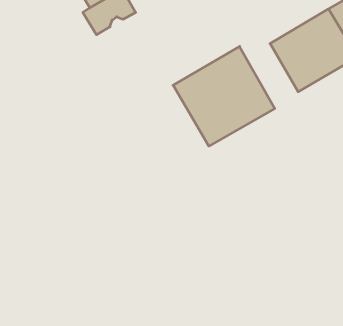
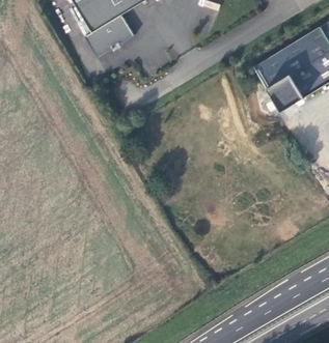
building: [173,46,275,146] -> none

